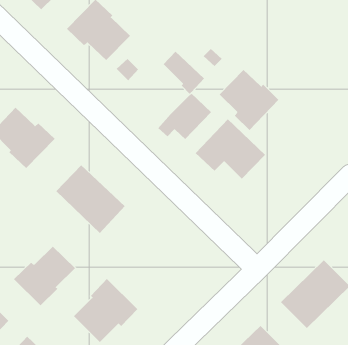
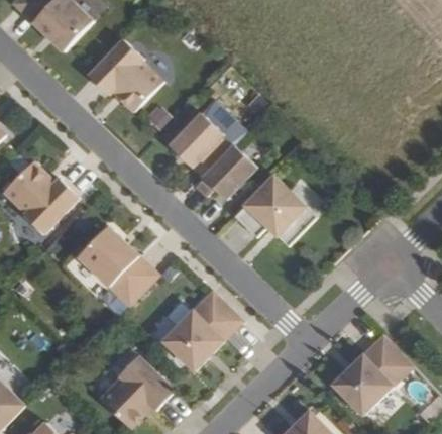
building: none -> [168,113,229,170]
building: [219,69,279,131] -> none
building: none -> [161,290,241,370]
building: [13,246,76,306] -> none

